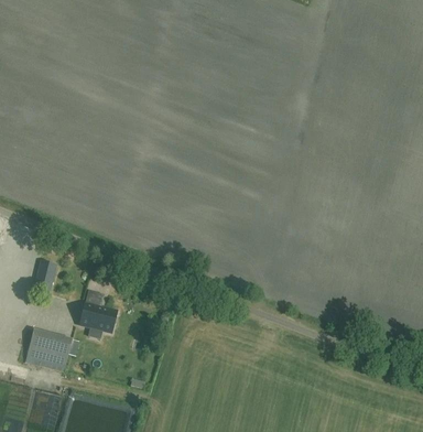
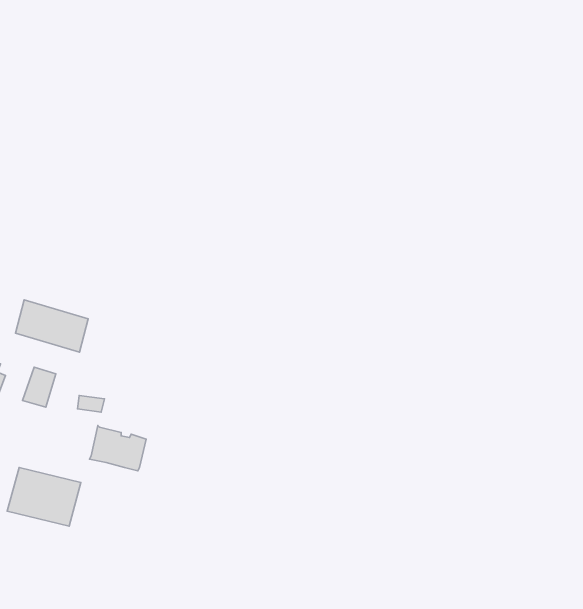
building: none -> [15,300,88,352]

